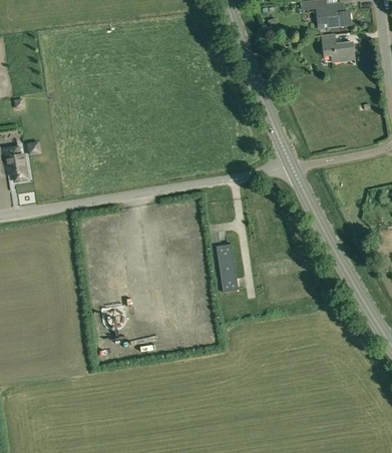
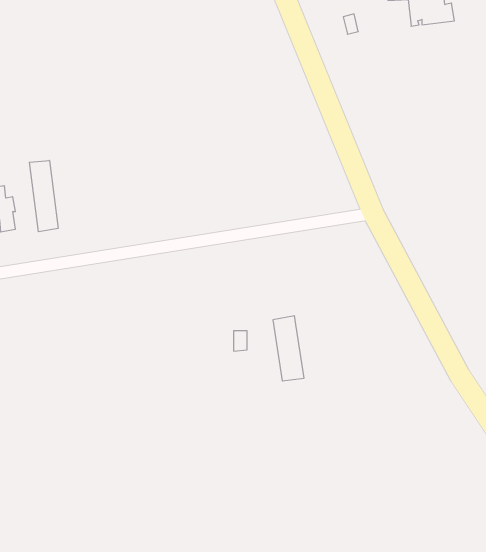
building: [321,33,354,61] -> none
building: none -> [29,160,58,232]

